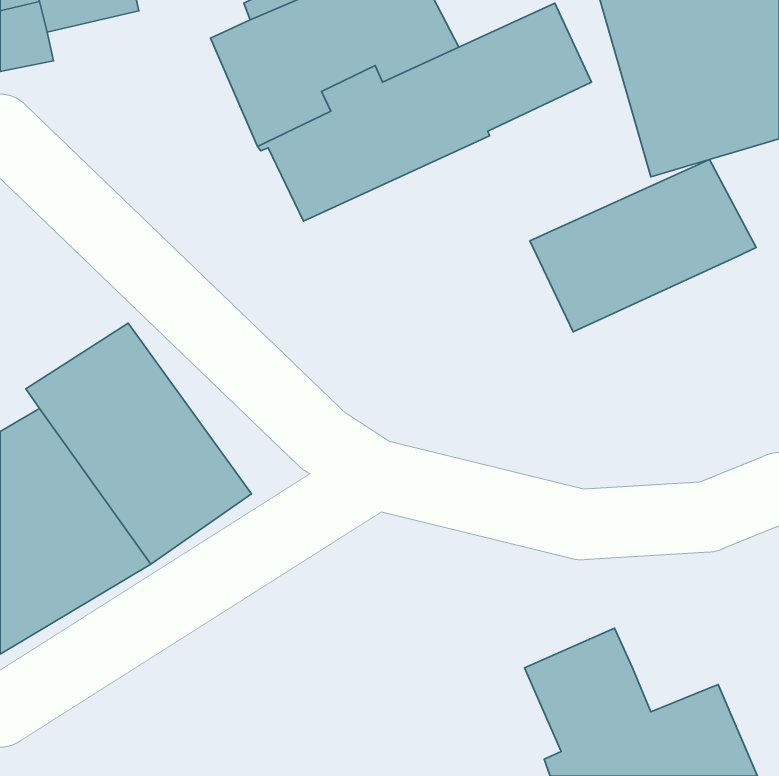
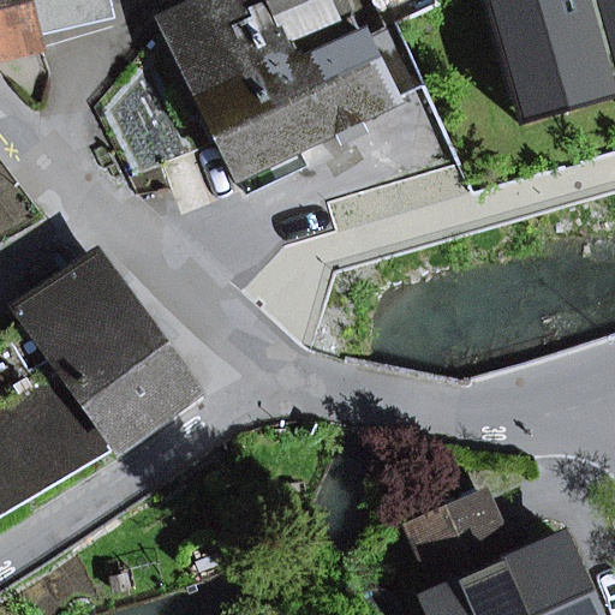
building: [530,159,756,332] -> none

